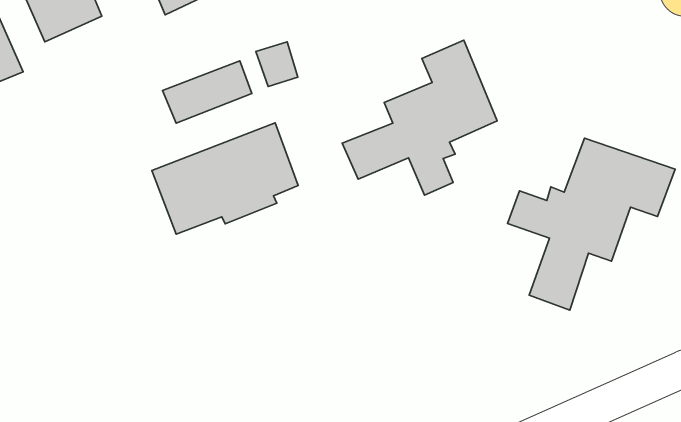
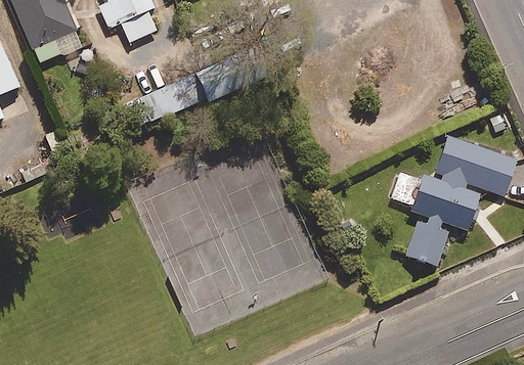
building: [342,40,497,195] -> none
building: [152,123,298,234] -> none

